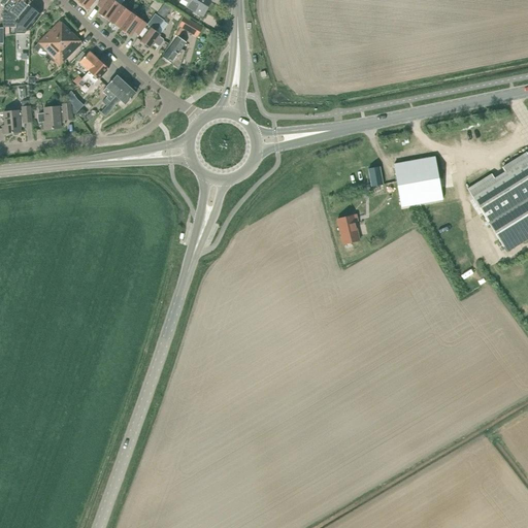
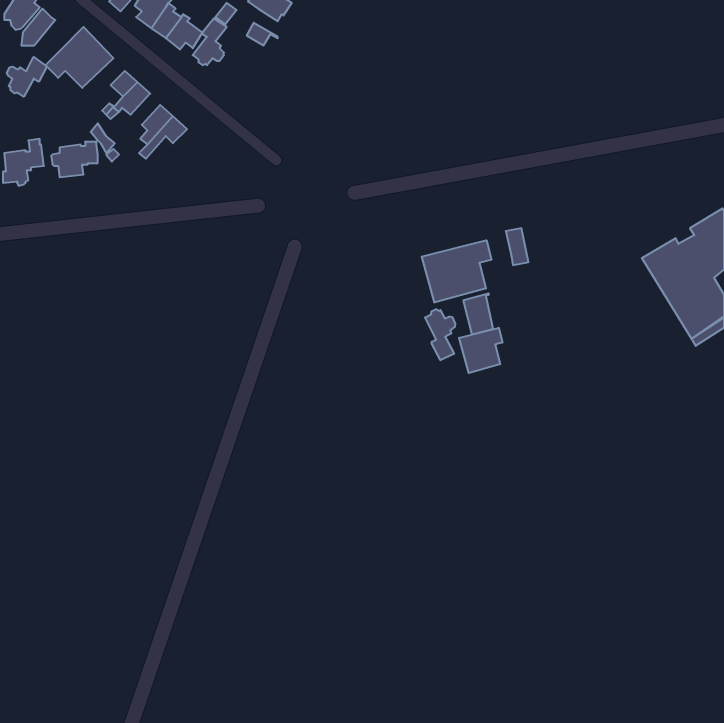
building: [163,36,187,68] -> none
building: none -> [7,57,47,97]
building: [394,157,441,206] -> none
building: none -> [422,240,491,303]
building: none -> [425,309,455,360]
building: none -> [459,328,502,373]

